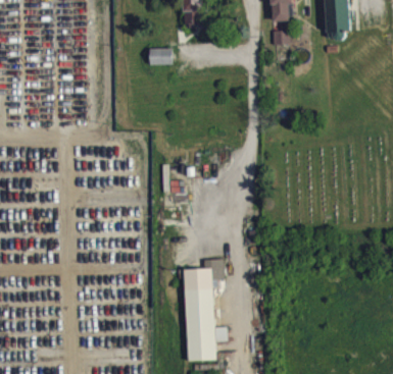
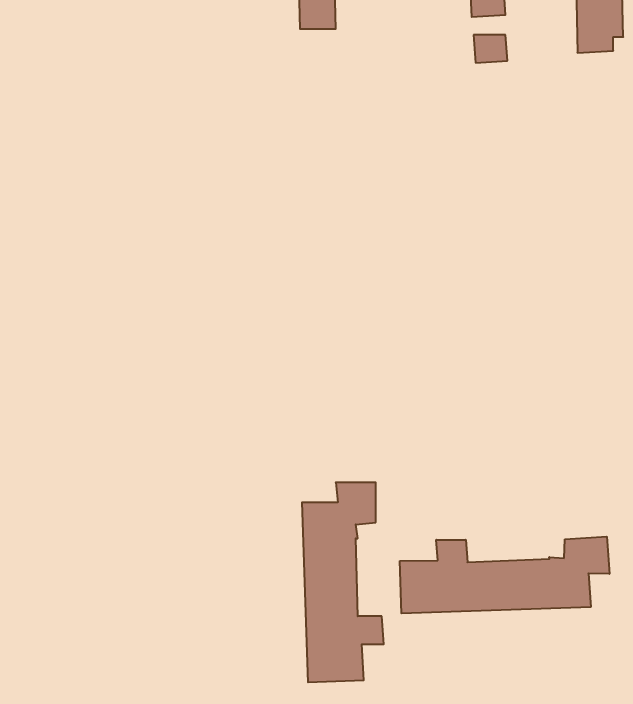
building: [149,48,173,65] -> none
building: none -> [400,537,609,613]

